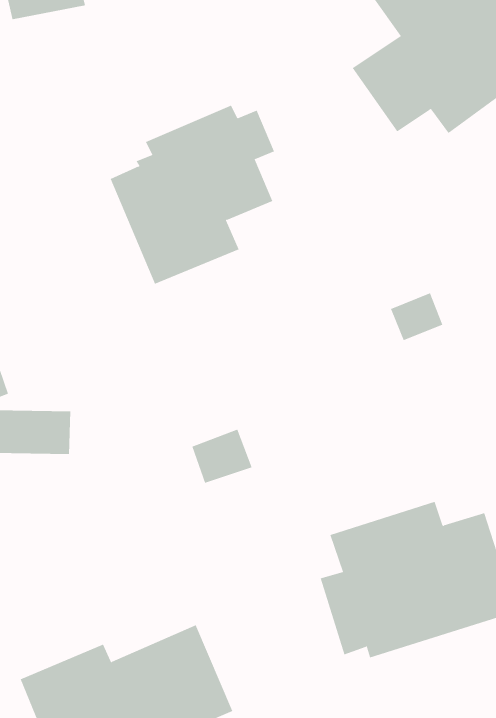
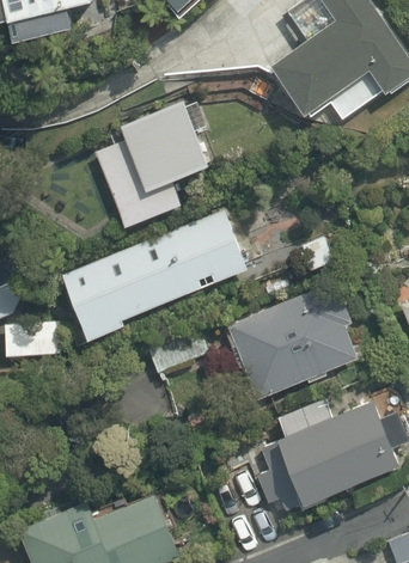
building: none -> [55,208,251,348]
building: none -> [219,274,365,398]

